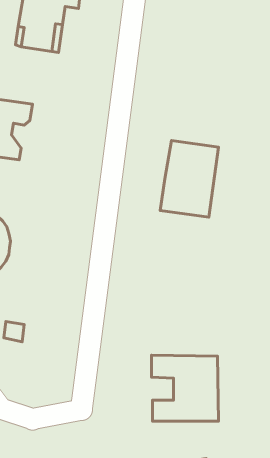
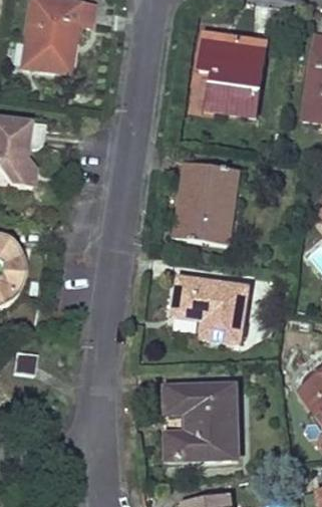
building: none -> [200,33,266,113]
building: none -> [175,276,248,339]

